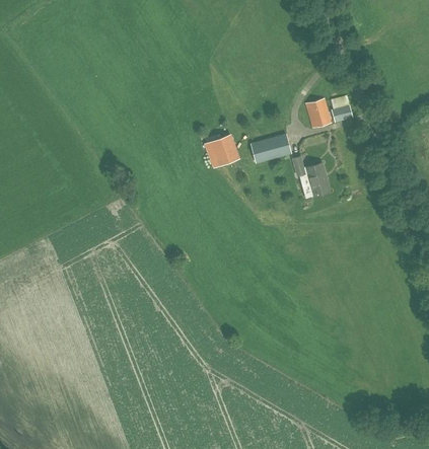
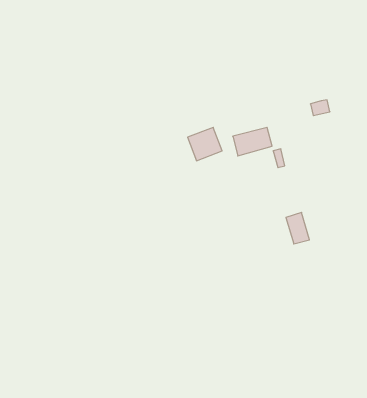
building: [305,97,331,128] -> none
building: [305,162,330,195] -> [286,212,309,244]

